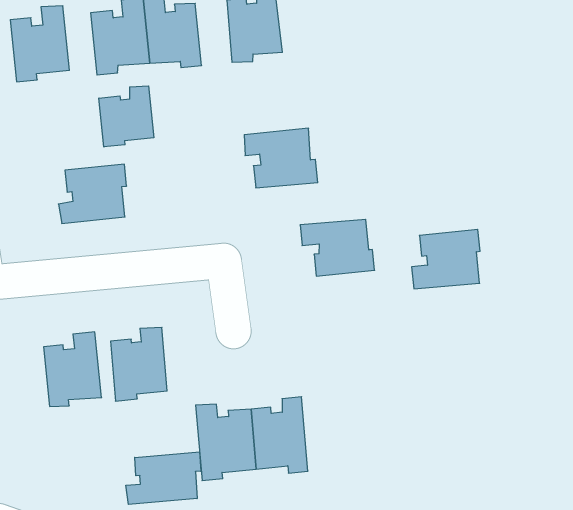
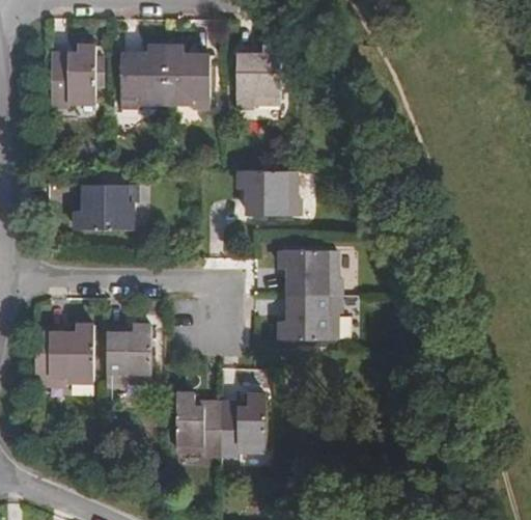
building: [99,86,154,147] -> none
building: [412,229,480,289] -> [278,295,337,340]
building: [126,452,201,504] -> none

